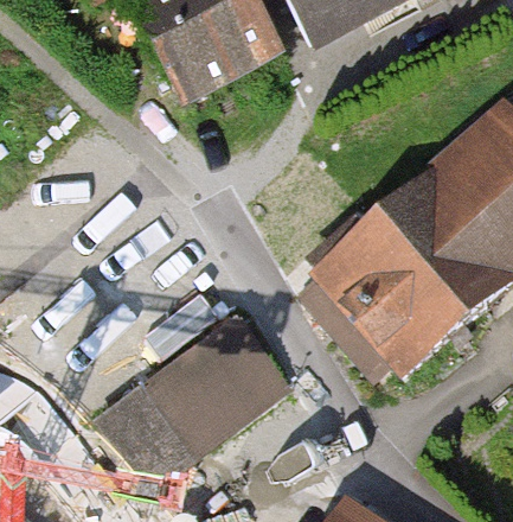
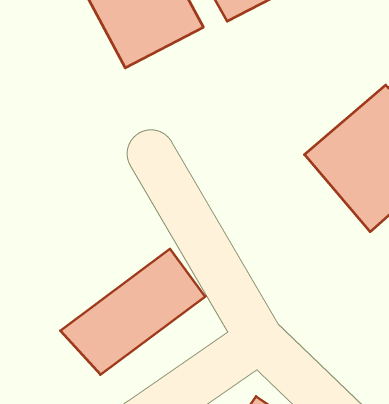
building: [302,206,488,375] -> none

